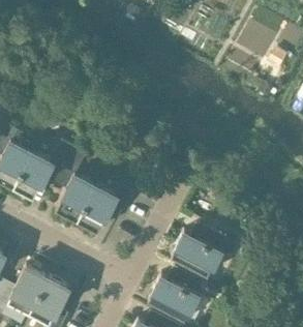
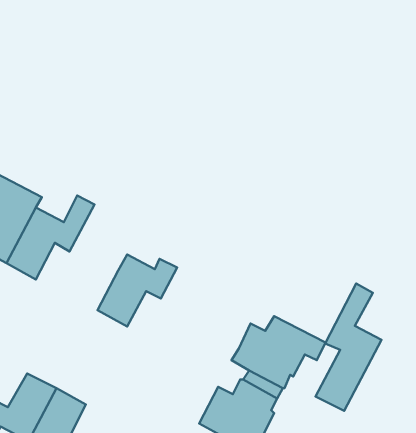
building: [56,147,98,221] -> none
building: none -> [316,283,381,411]

